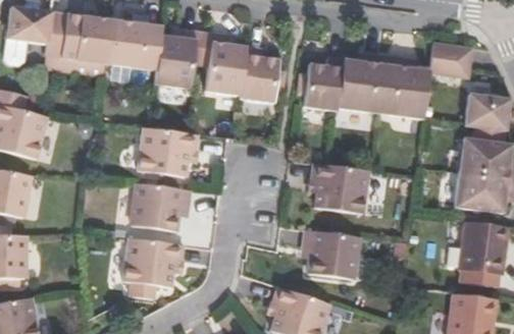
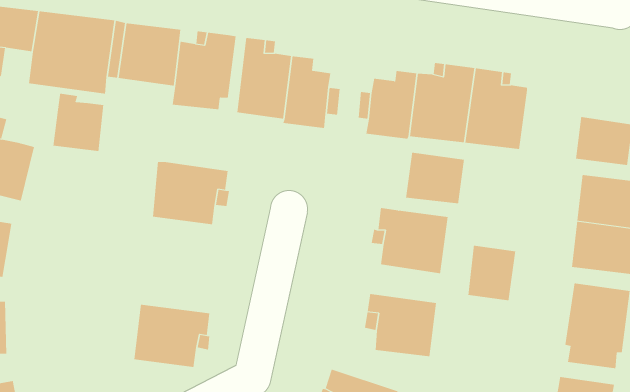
building: [429,42,474,78] -> none
building: none -> [53,93,104,152]
building: none -> [406,152,465,204]
building: [132,183,192,230] -> none
building: none -> [468,245,516,301]

